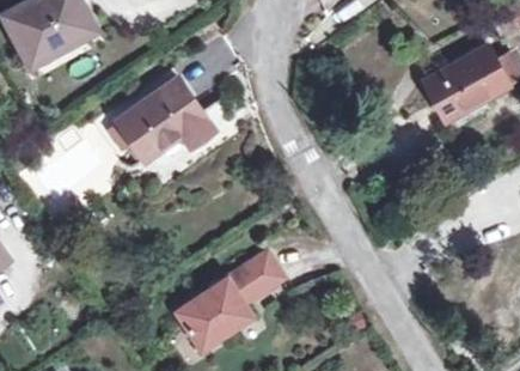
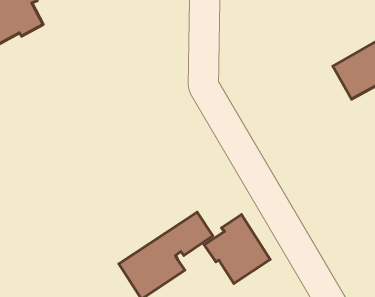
building: [118,80,227,159] -> none
building: none -> [204,215,270,283]

